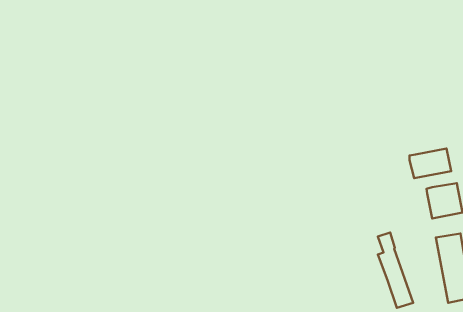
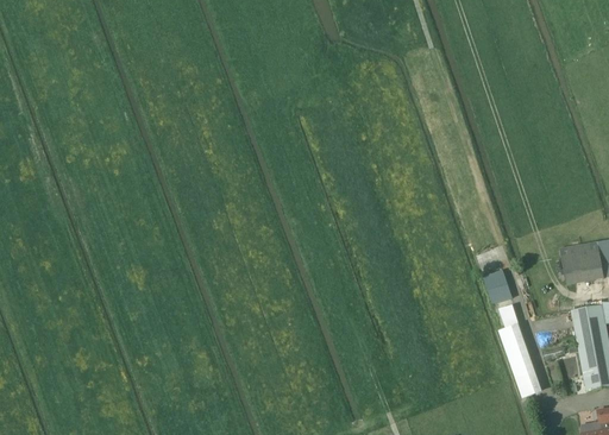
building: [409,148,451,178] -> none
building: none -> [484,269,511,303]

